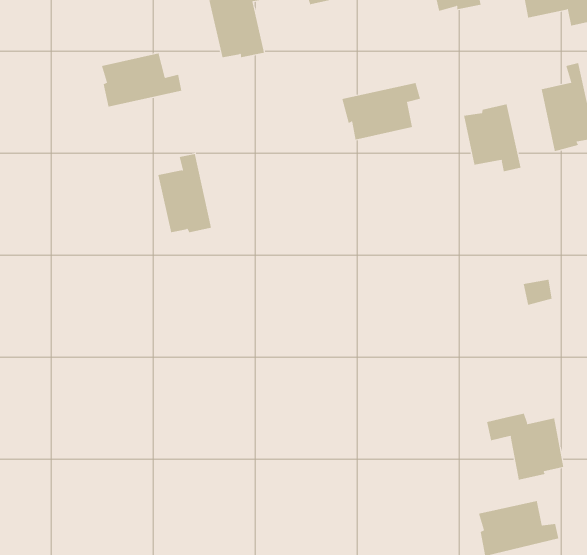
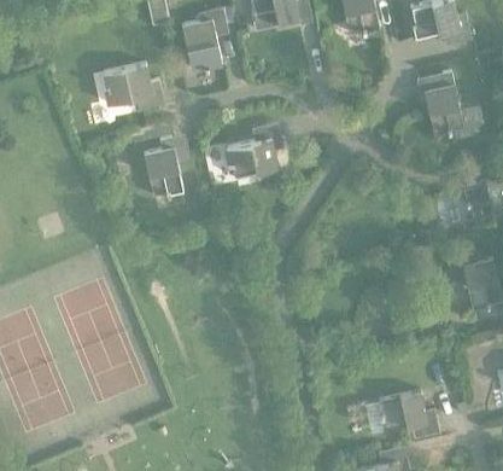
building: [342,82,421,140] -> [226,134,283,176]
building: [463,104,521,172] -> none
building: [487,413,564,480] -> none

